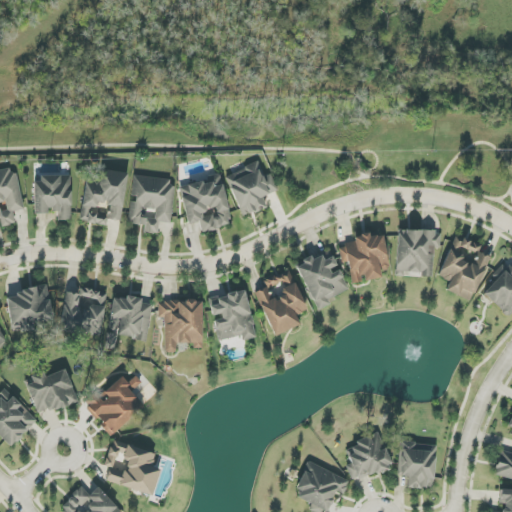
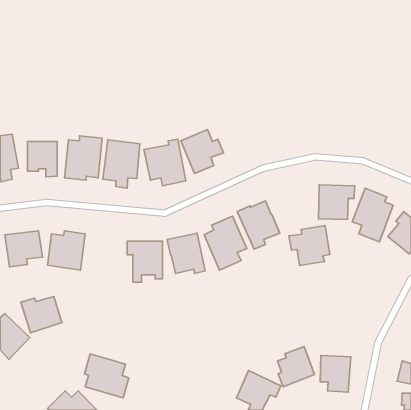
building: [338,232,389,282] -> [289,225,330,266]
building: [105,295,152,349] -> none
building: [82,375,144,434] -> none

